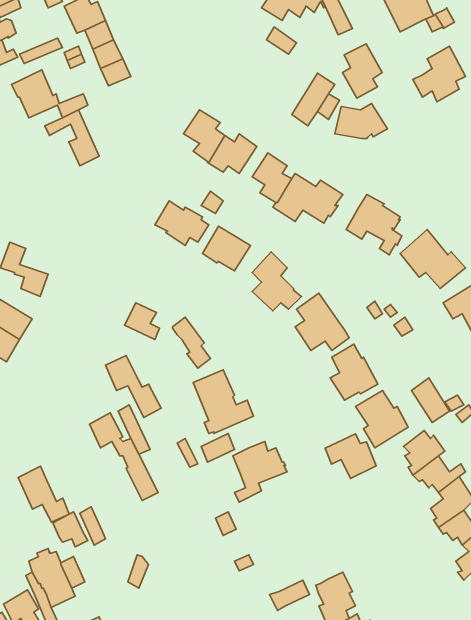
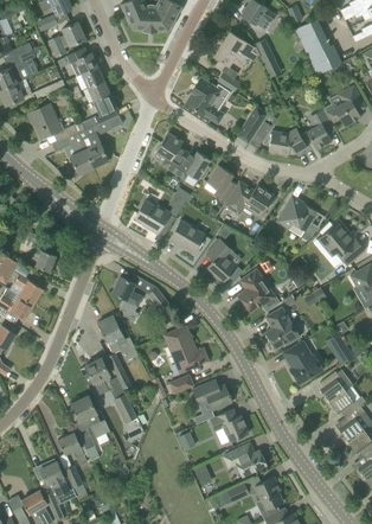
building: none -> [185,77,230,123]
building: [342,44,382,98] -> [306,109,335,149]
building: none -> [77,119,110,167]
building: [325,434,376,479] -> [210,409,248,442]
building: [18,466,69,522] -> [71,396,109,437]
building: none -> [222,443,265,477]

